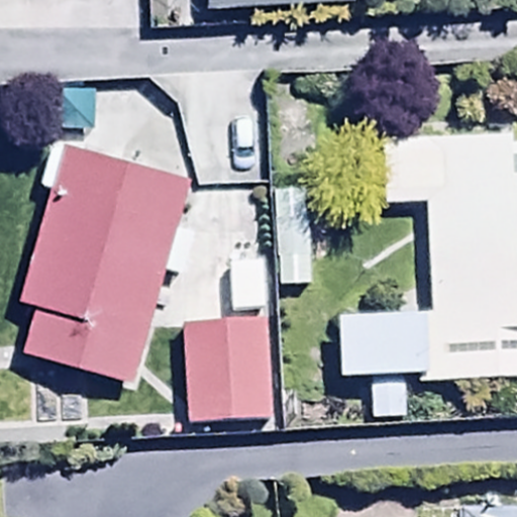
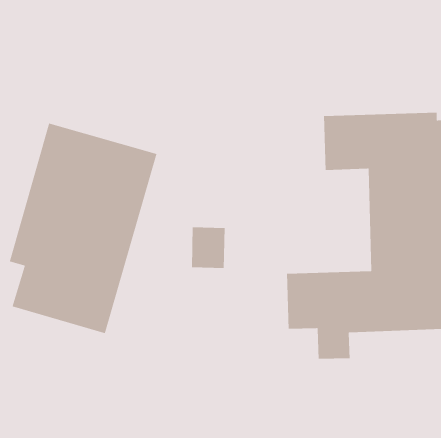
building: [185,316,271,419] -> none

